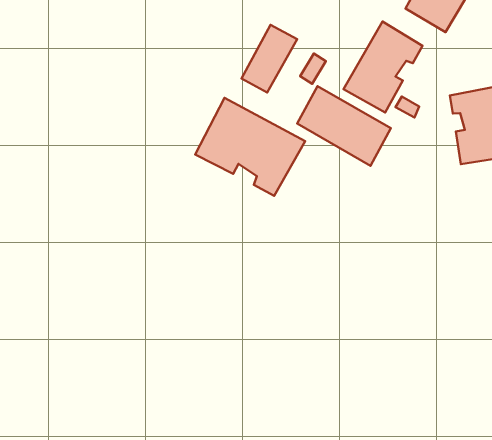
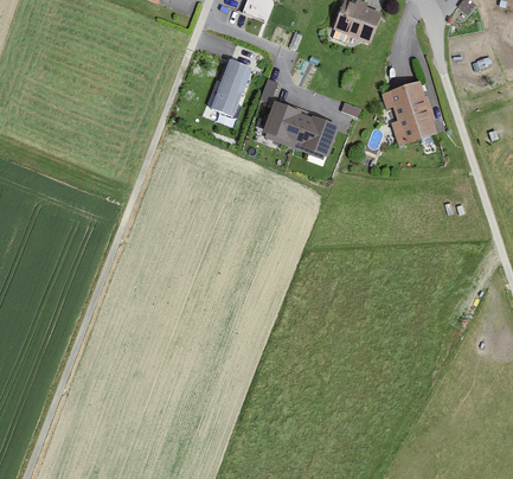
building: [343,21,423,112] -> none
building: [195,98,305,196] -> none

